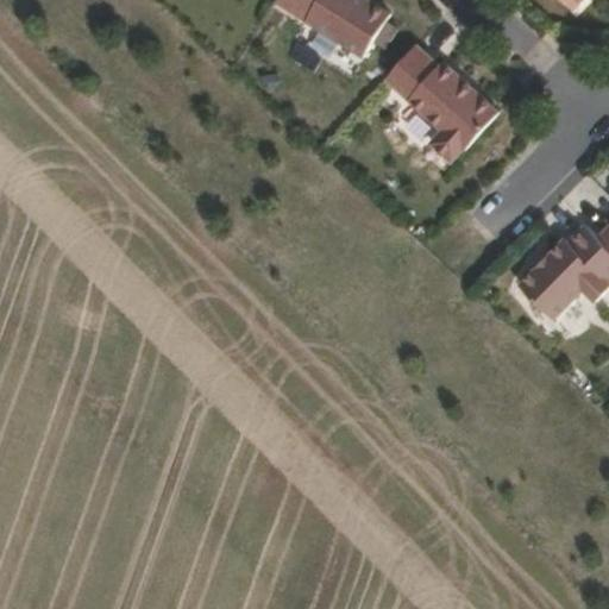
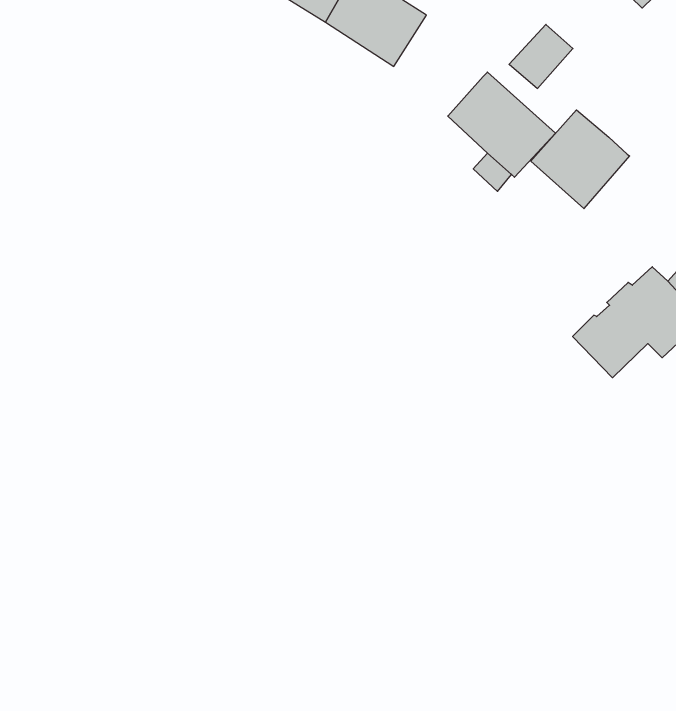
building: [385,45,439,99] -> [509,24,573,88]
building: none -> [531,110,630,209]

